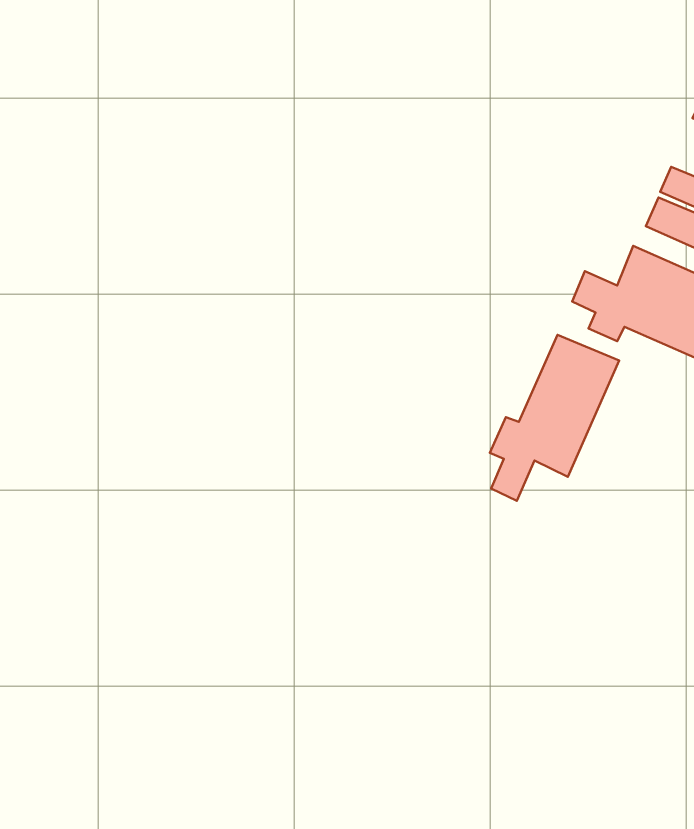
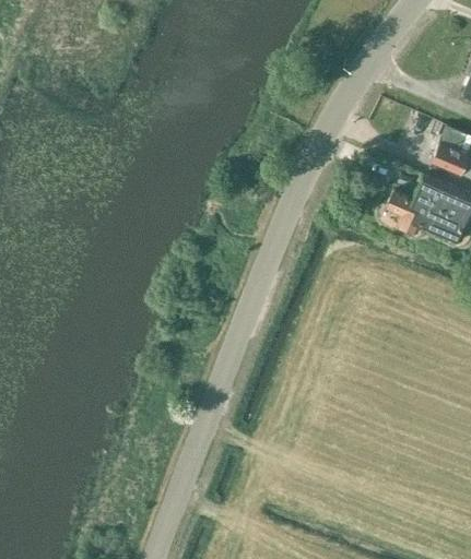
building: [490,335,619,501] -> none

